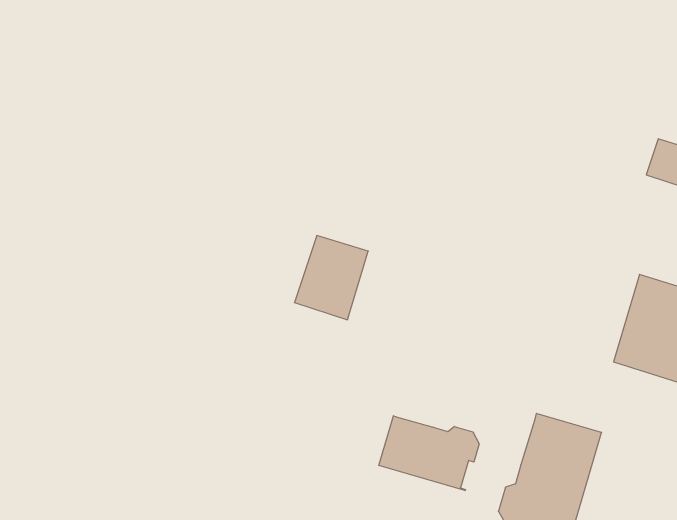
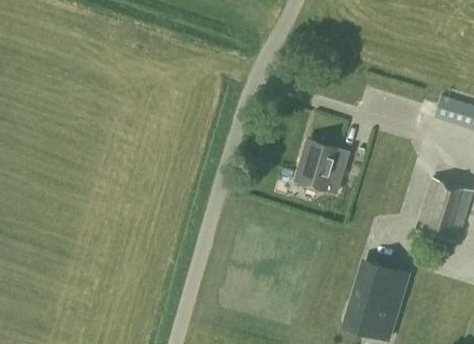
building: [294,236,368,320] -> [296,140,340,191]
building: [379,416,479,491] -> none

